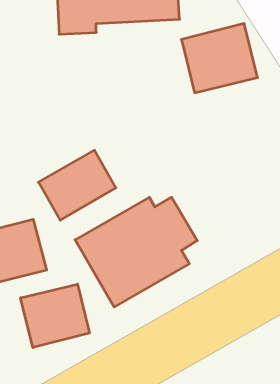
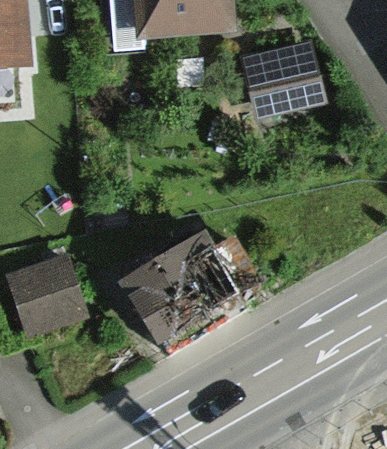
building: [38,150,116,220] -> none
building: [21,284,89,348] -> none

